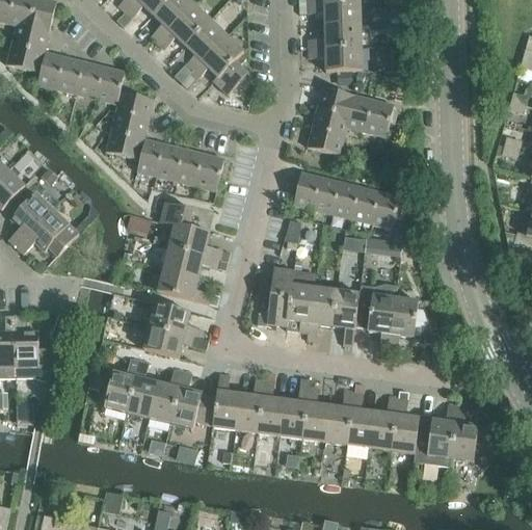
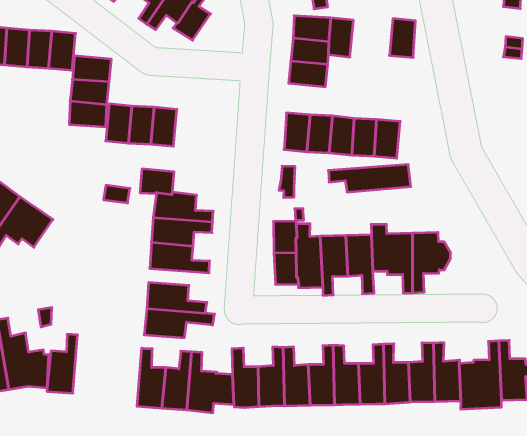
building: [365,99,393,136] -> [389,19,415,57]
building: [195,153,223,190] -> none
building: [103,357,138,410] -> [47,334,78,393]

